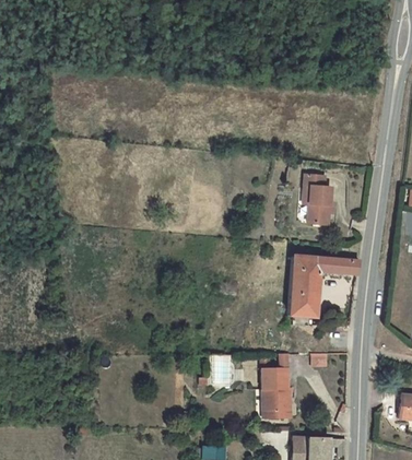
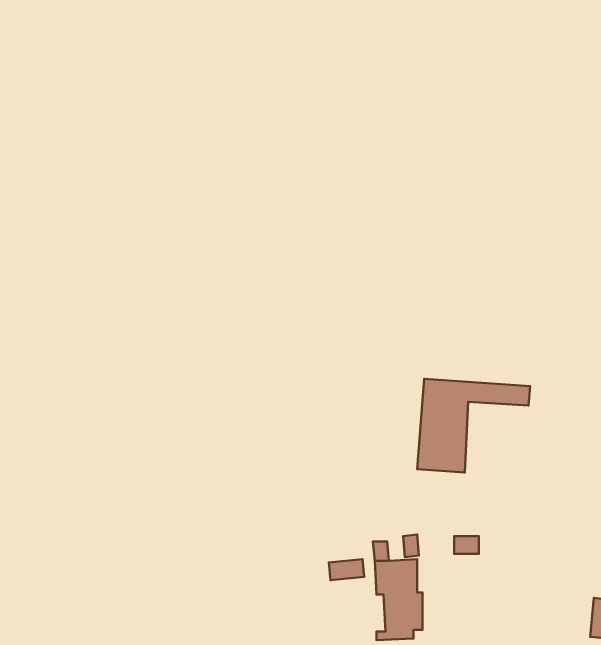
building: [304,173,332,224] -> none

